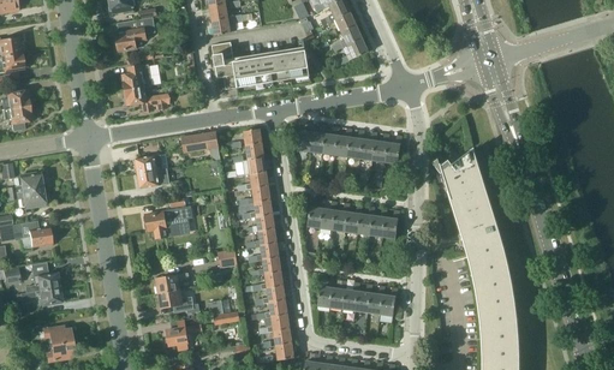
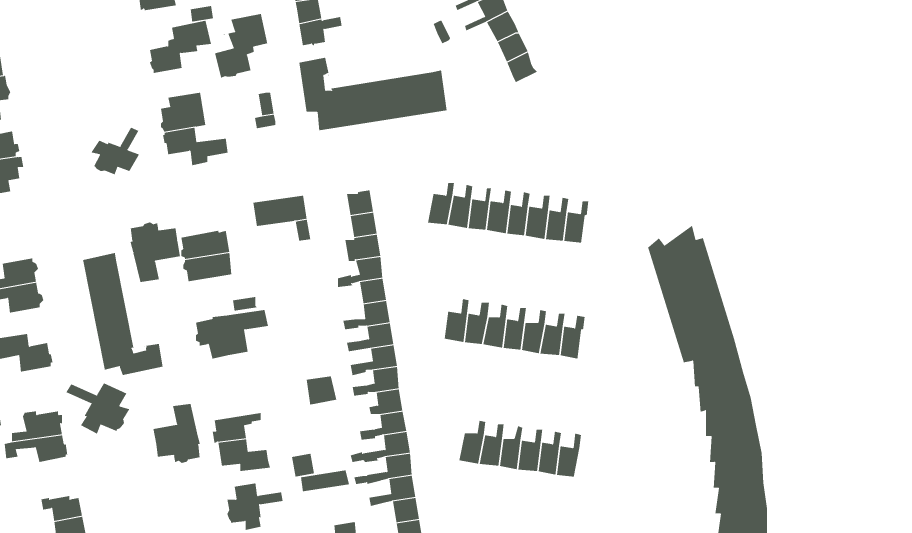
building: none -> [215,13,268,78]
building: none -> [91,127,140,175]
building: none -> [130,222,181,283]
building: none -> [82,252,163,376]
building: none -> [66,382,130,435]
building: none -> [153,403,201,464]

